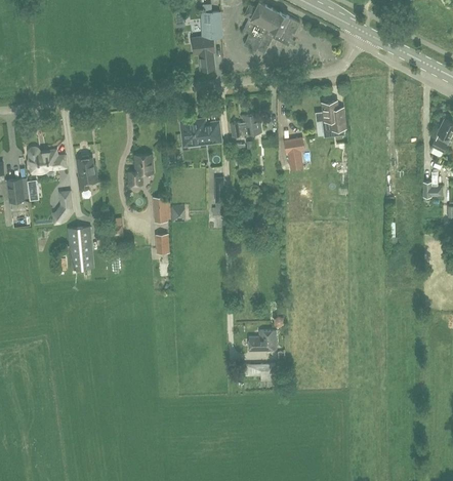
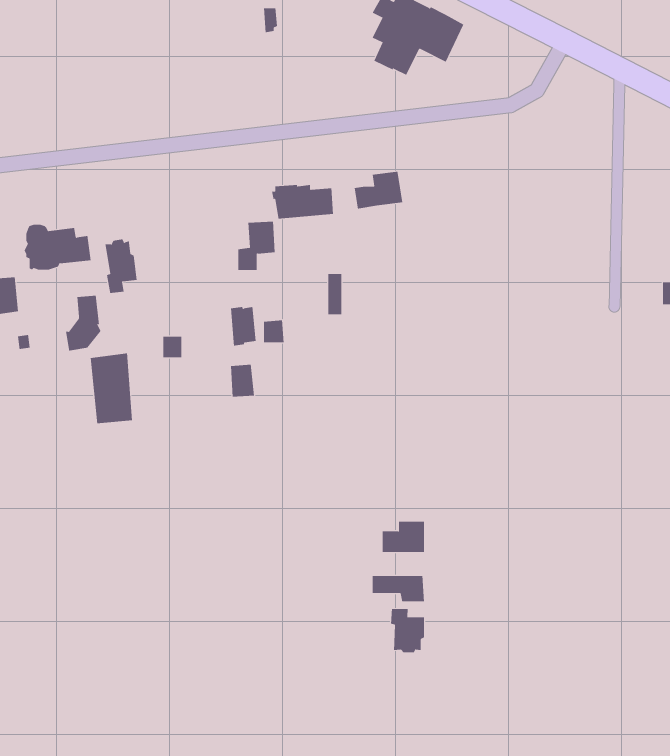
building: [192,11,220,69] -> none
building: [315,101,345,129] -> none
building: [283,136,303,169] -> none
building: [128,154,152,185] -> [238,221,276,271]
building: none -> [391,608,425,653]

